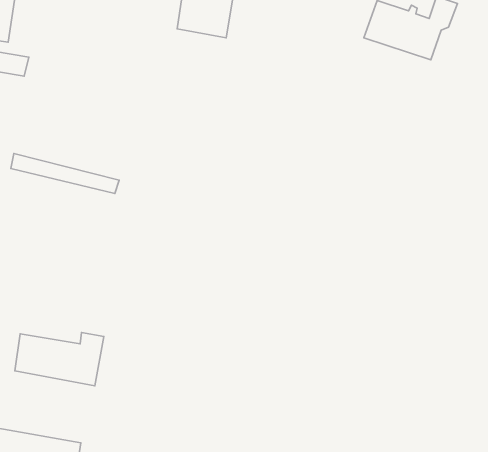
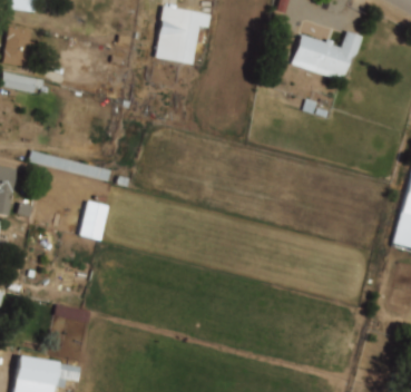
building: none -> [78,200,106,239]
building: [15,333,104,386] -> none

